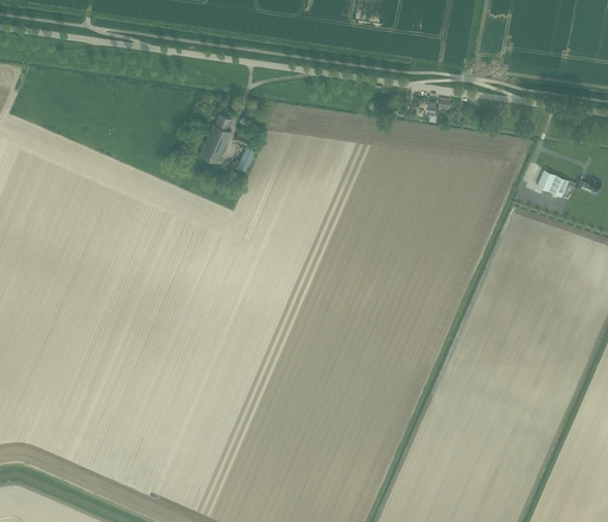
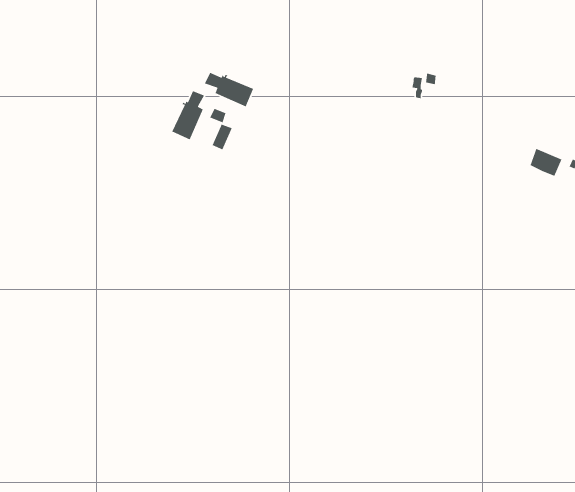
building: none -> [204,72,254,108]

